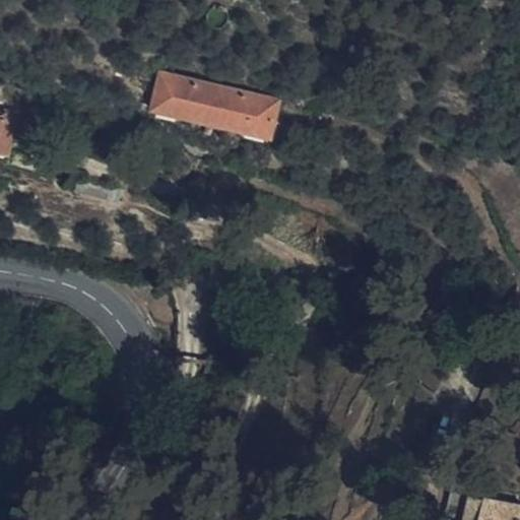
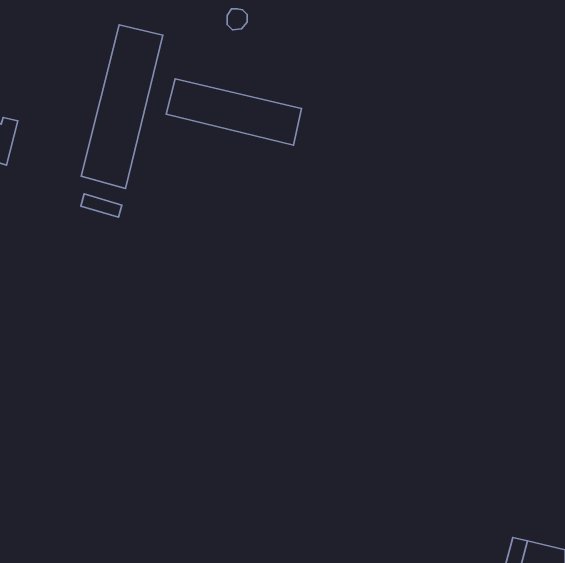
building: none -> [81,25,163,188]

